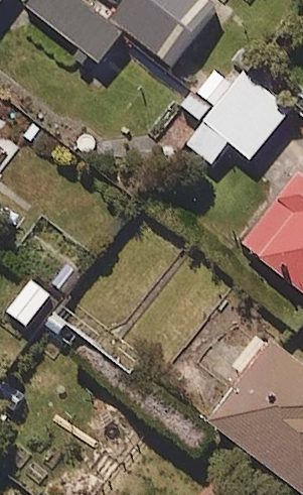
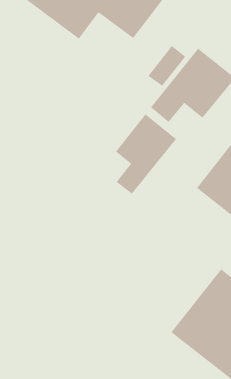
building: none -> [115,114,177,194]

